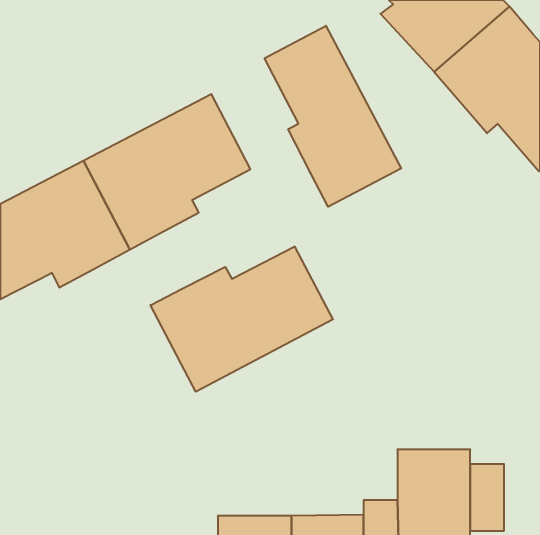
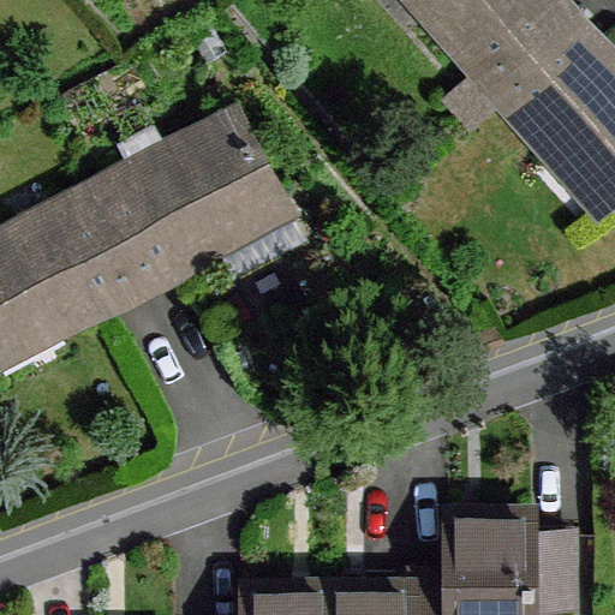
building: [265,26,401,207] -> none
building: [150,246,333,392] -> none

